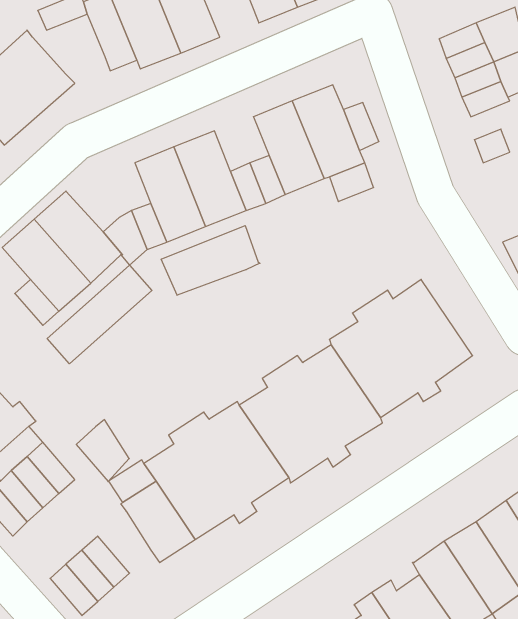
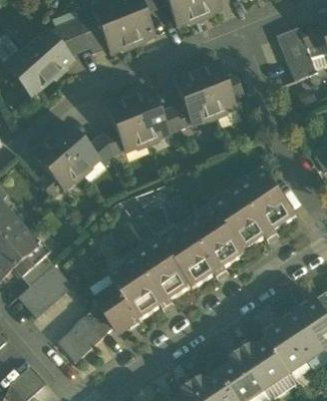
building: none -> [48,22,89,56]
building: [161,226,260,295] -> none
building: [47,265,152,364] -> none
building: [76,420,129,482] -> [85,304,115,339]

